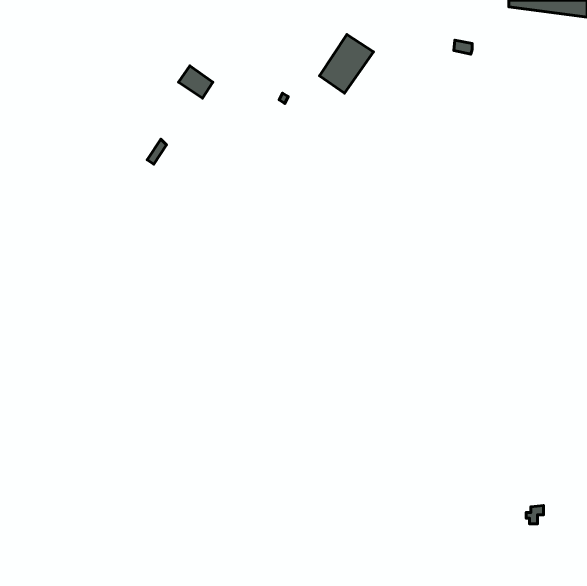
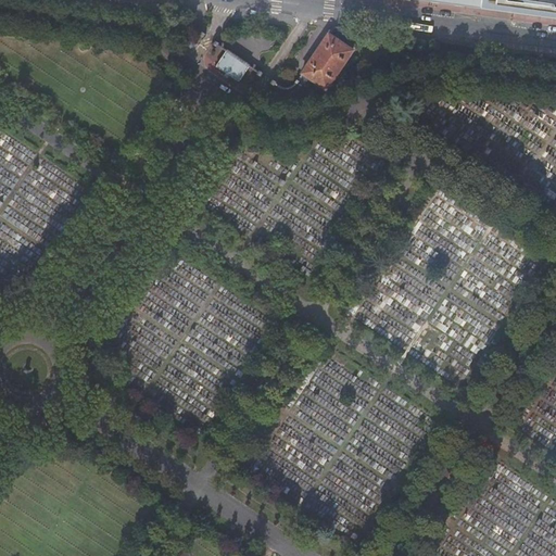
building: [178,66,213,98] -> [216,49,249,79]

